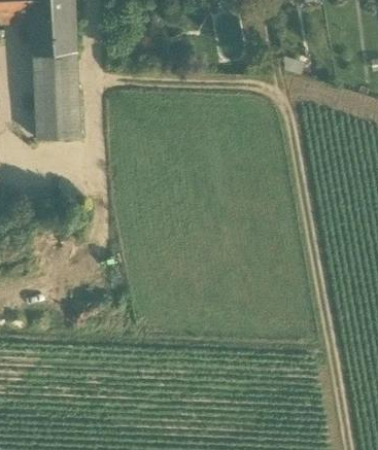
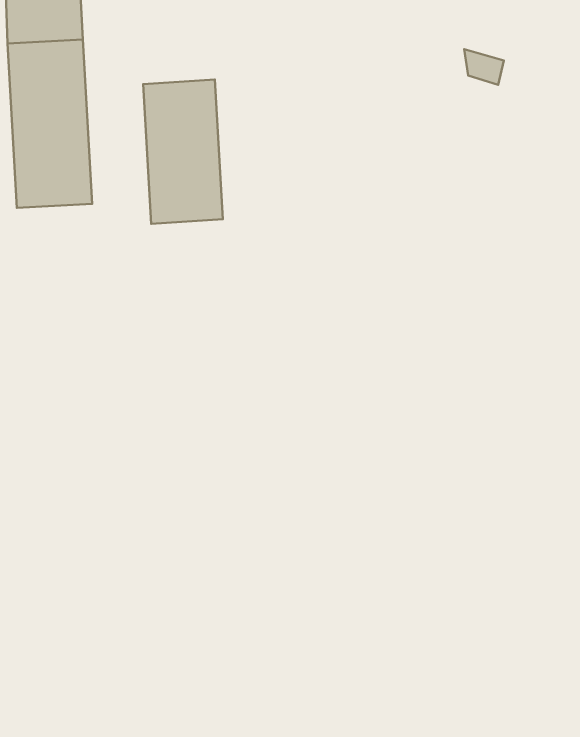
building: none -> [143,80,223,224]

